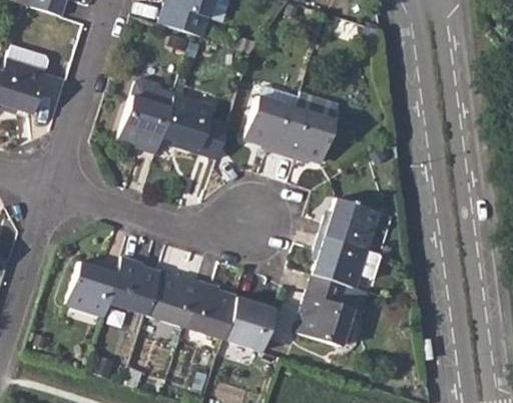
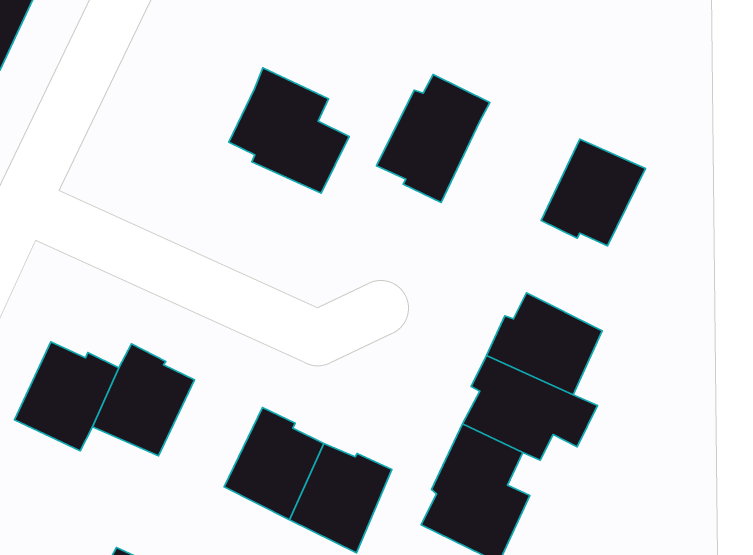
building: [119,94,173,155] -> none
building: [284,107,337,163] -> [541,139,646,246]
building: [148,270,201,326] -> none

